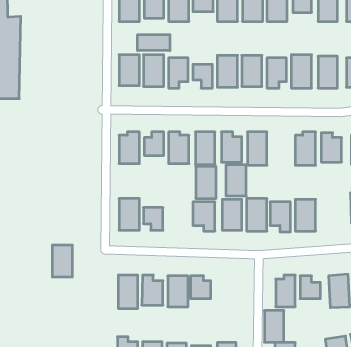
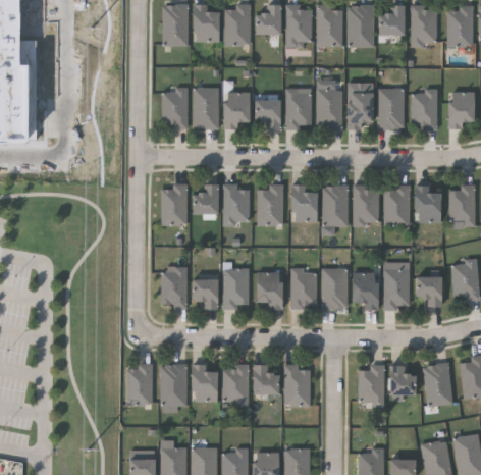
building: [138,35,170,51] -> none
building: [226,165,246,196] -> [353,186,378,224]
building: [196,167,216,198] -> [223,268,249,308]
building: none -> [416,276,440,306]
building: [52,245,72,277] -> [126,365,152,405]
building: [264,311,284,342] -> [285,365,310,405]

